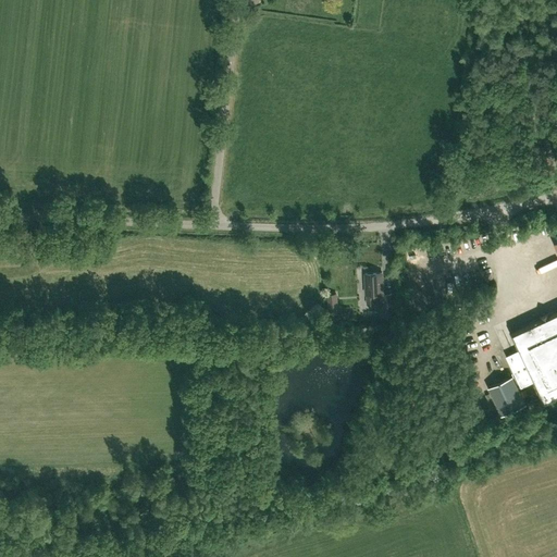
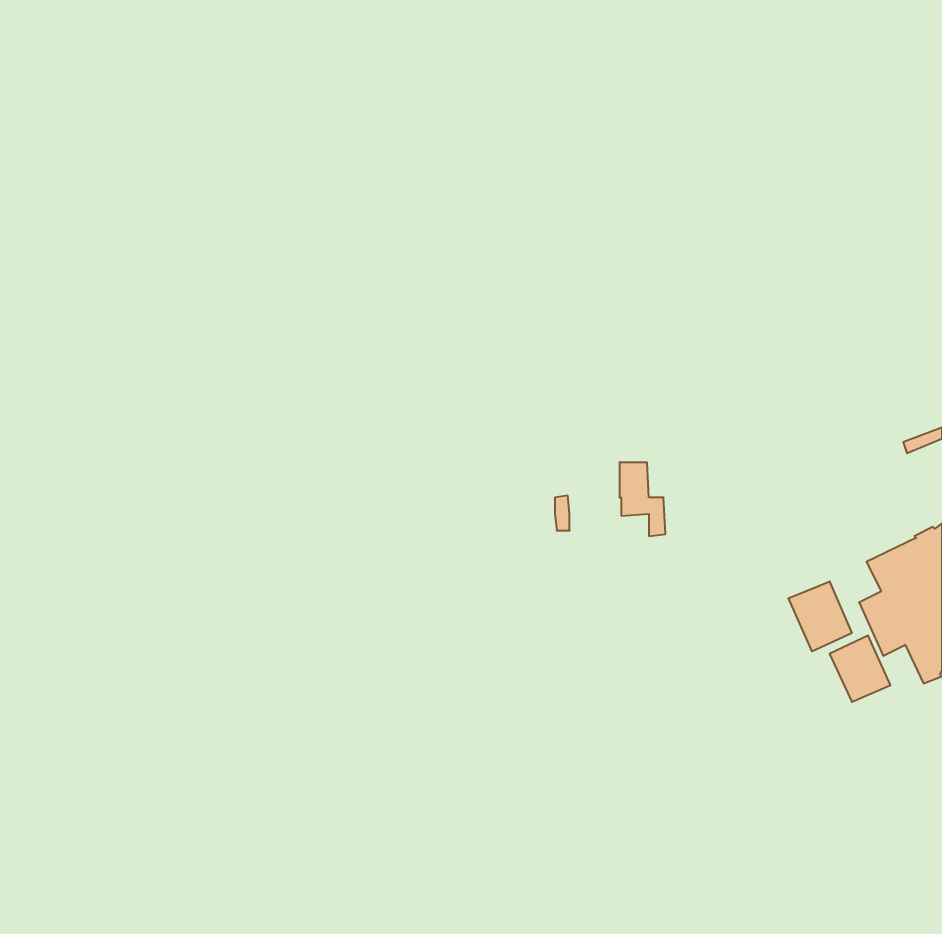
building: none -> [788,581,852,651]

